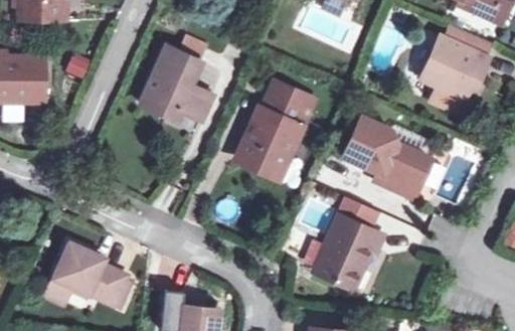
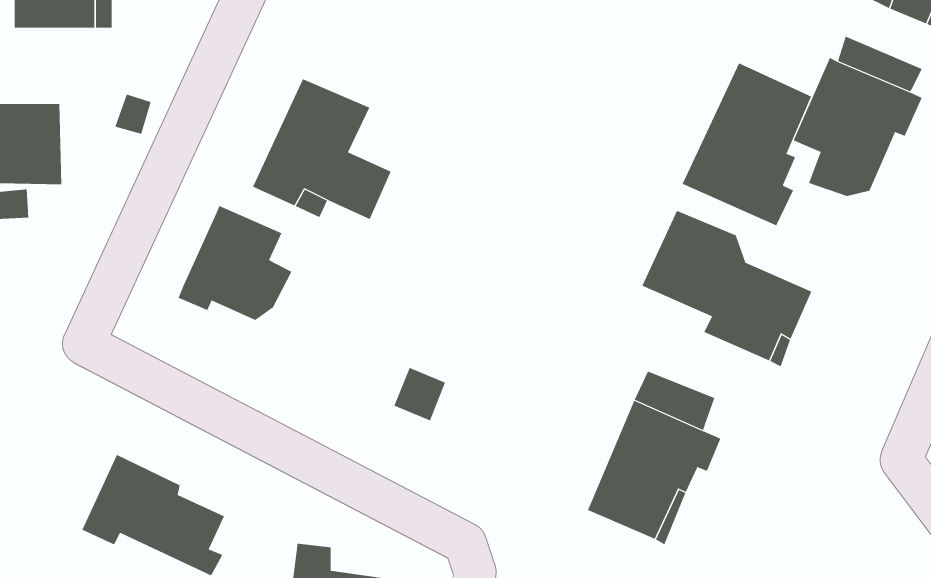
building: none -> [682,63,812,226]
building: [238,80,317,178] -> none
building: none -> [178,205,292,321]

